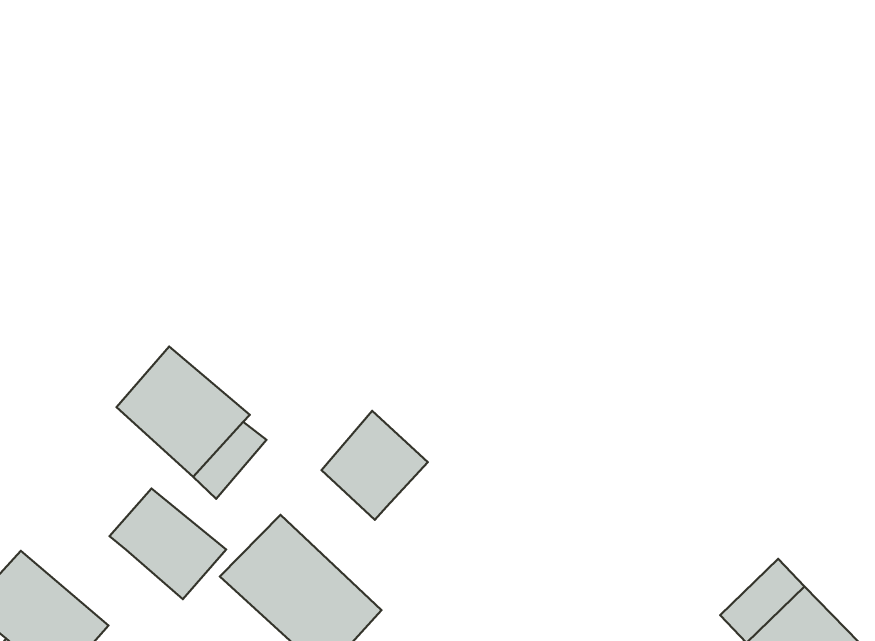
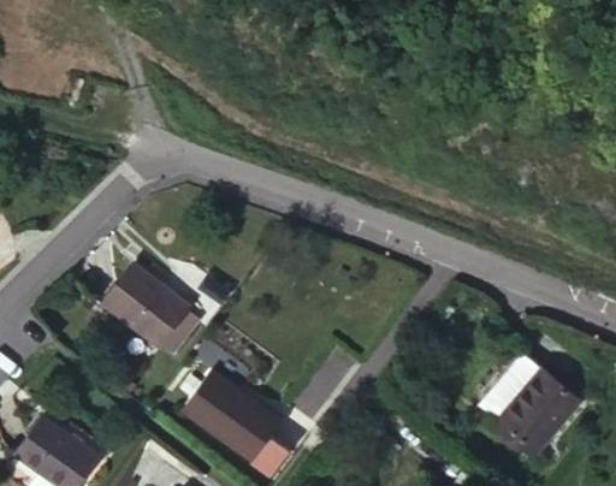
building: [321,411,428,520] -> none
building: [110,489,226,599] -> none

